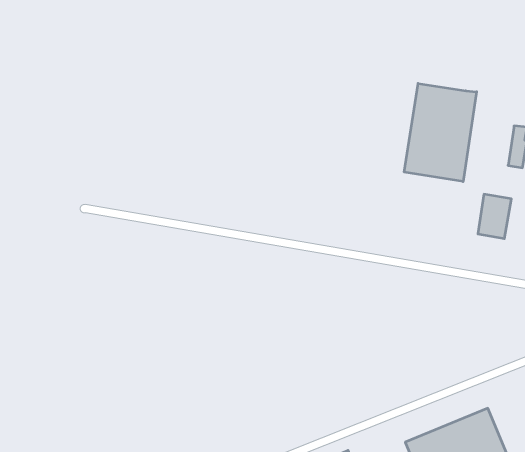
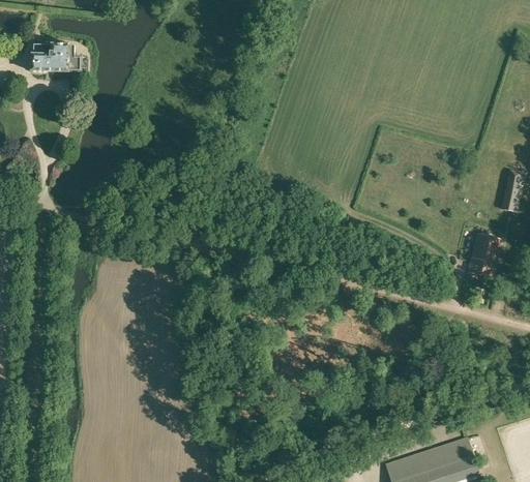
building: none -> [32,42,82,71]
building: [404,83,477,182] -> none

